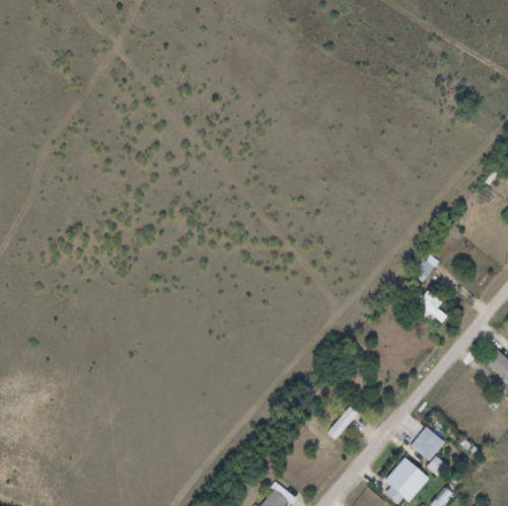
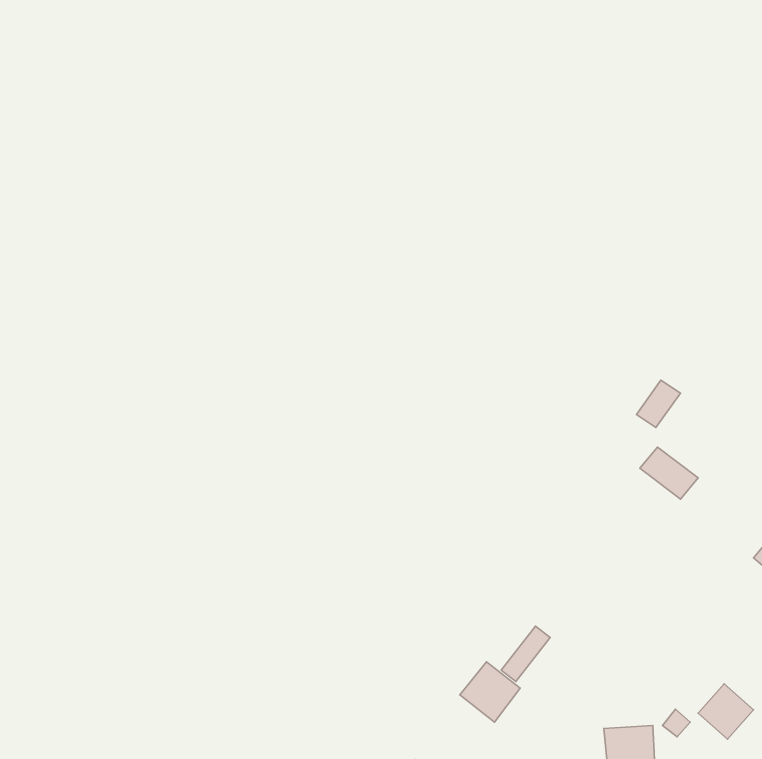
building: [411,427,445,461] -> [698,684,753,739]
building: none -> [460,662,520,722]

